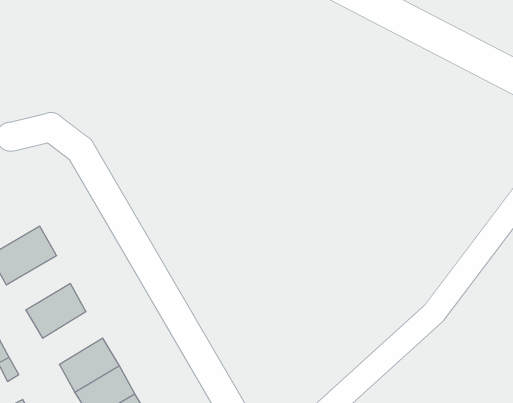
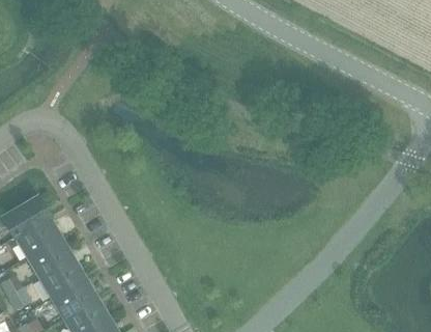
building: none -> [13,217,61,257]
building: none -> [40,258,85,298]

